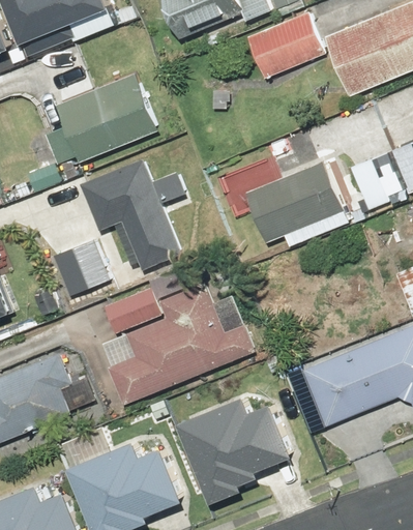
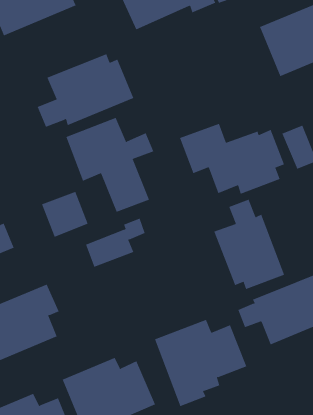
building: [235,17,314,83] -> none
building: none -> [214,199,285,290]
building: [105,281,257,403] -> none

